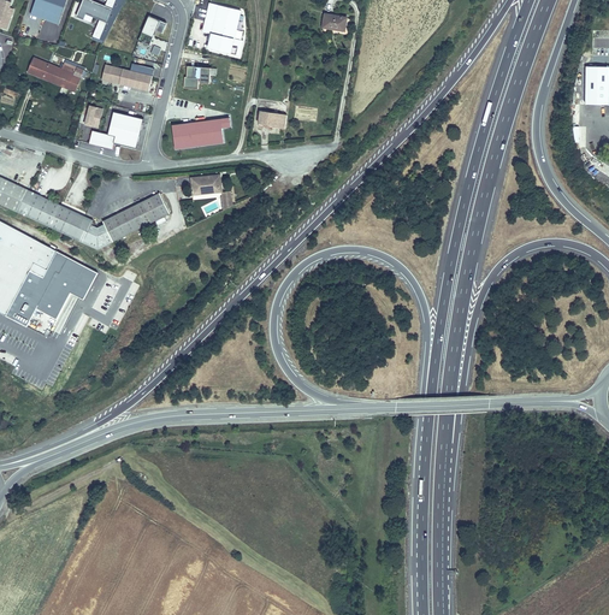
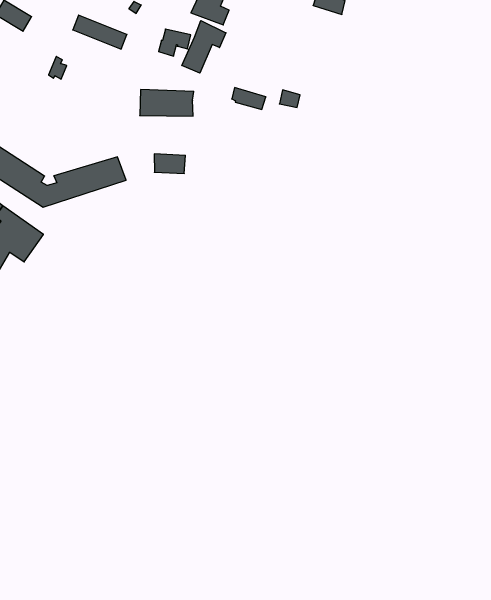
building: none -> [182,21,226,73]
building: [55,63,84,93] -> none
building: [88,111,142,148] -> none

